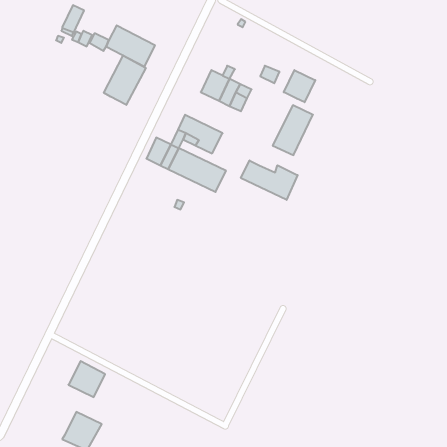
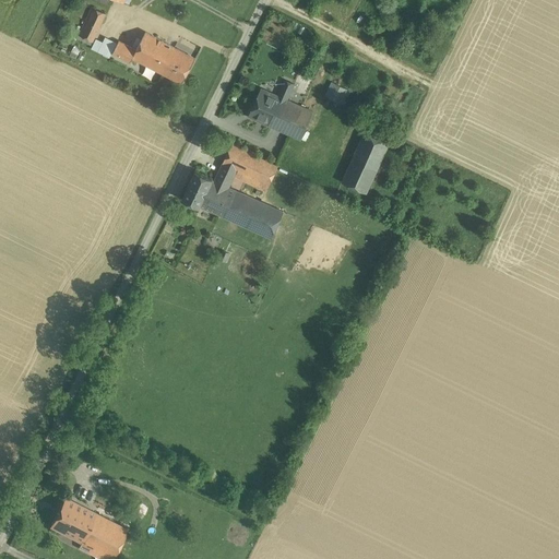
building: [104,55,146,105] -> none
building: [284,70,315,102] -> none
building: [241,160,298,200] -> none
building: [68,361,105,397] -> [49,498,95,543]

